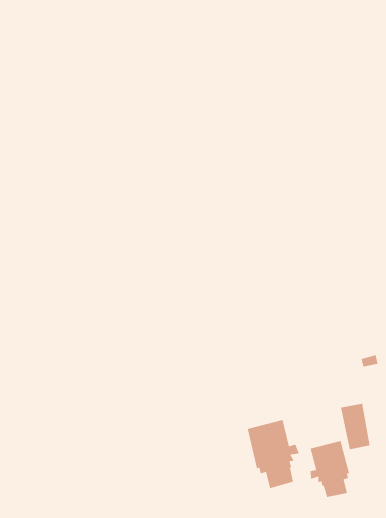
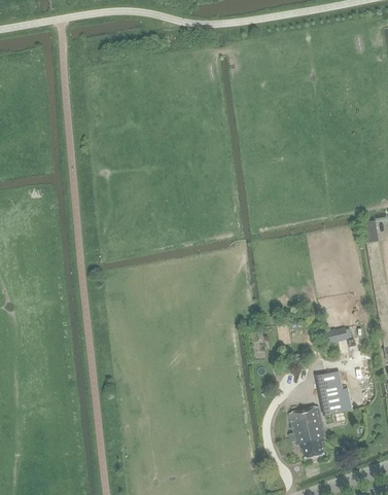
building: [247,419,300,489] -> none

